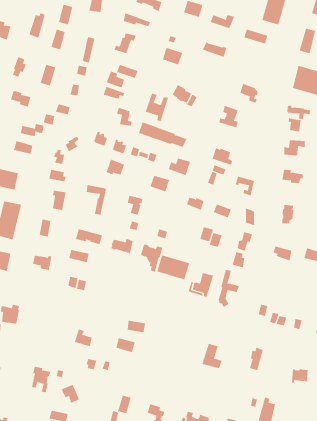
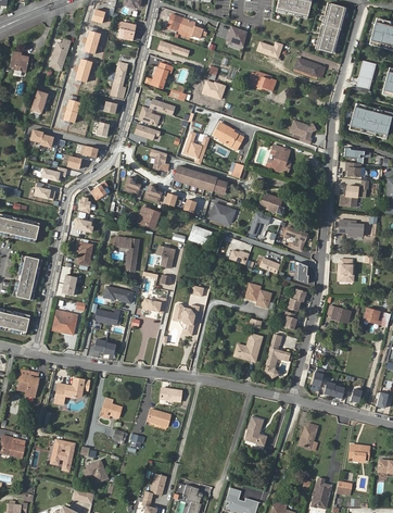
building: [156,254,190,280] -> none
building: none -> [54,379,90,408]

